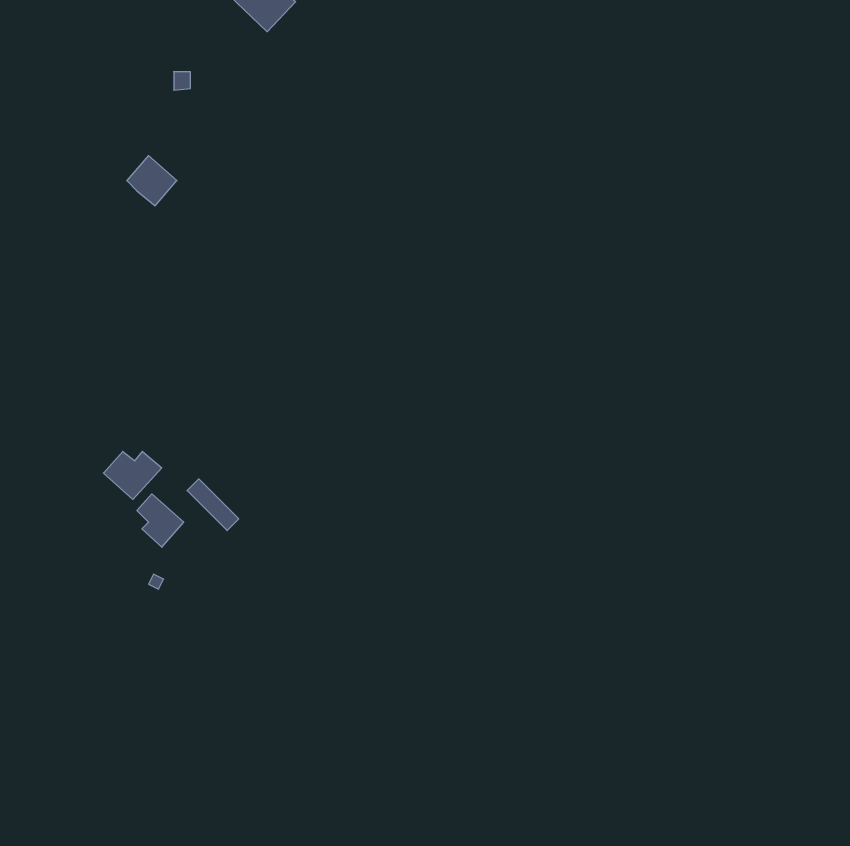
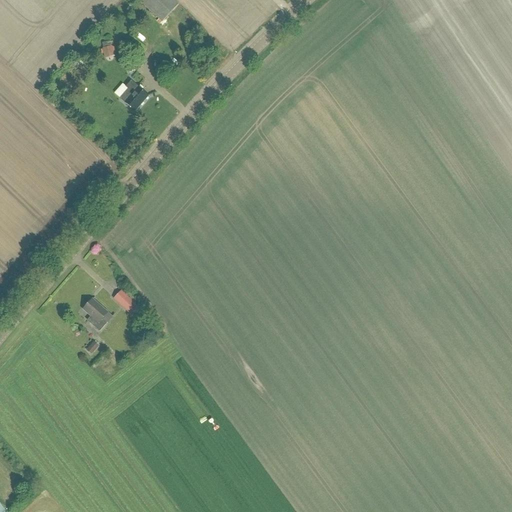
building: [127,156,177,206] -> [117,78,147,108]
building: [103,451,162,499] -> none

